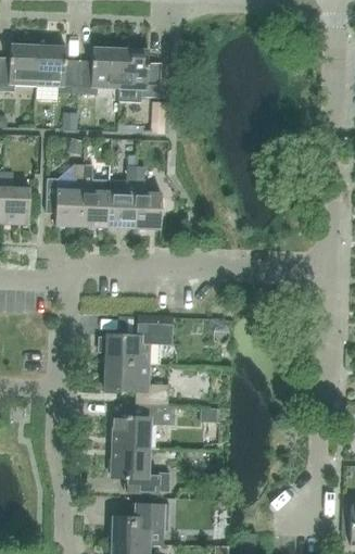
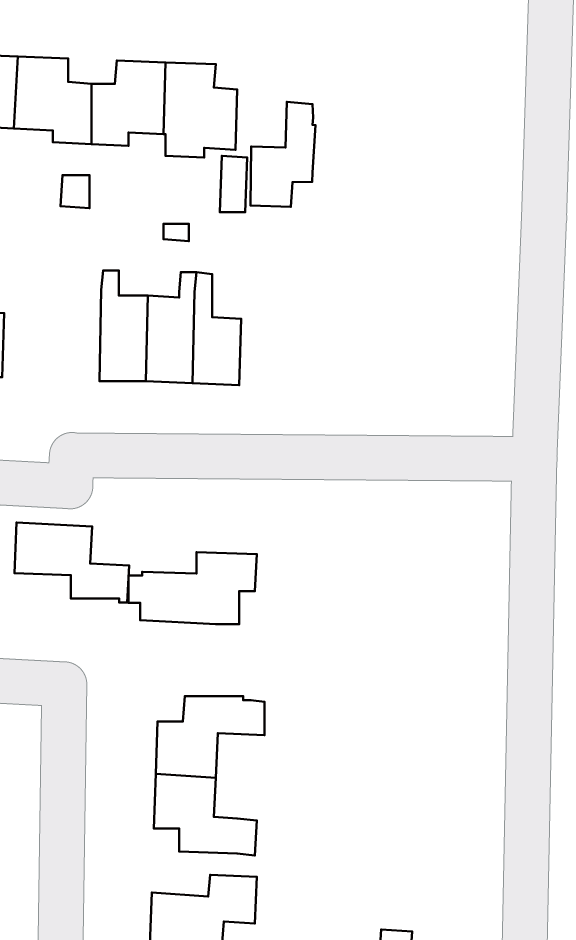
building: none -> [250,102,316,207]
building: [46,164,85,226] -> none
building: [104,360,168,404] -> [14,523,129,602]

